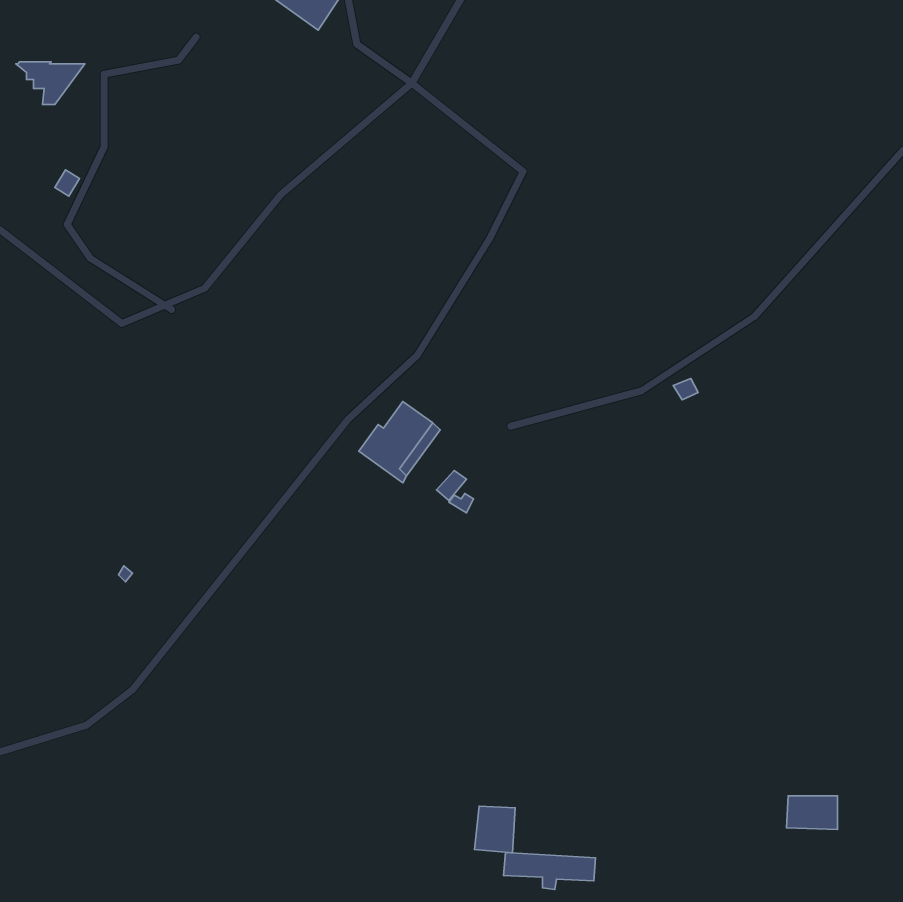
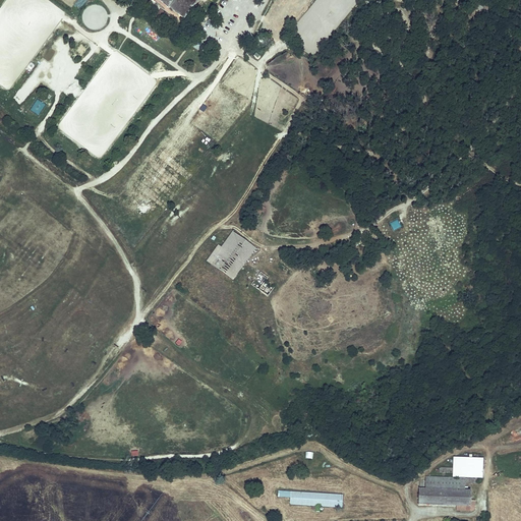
building: [475,806,515,853] -> none
building: none -> [418,476,476,506]

